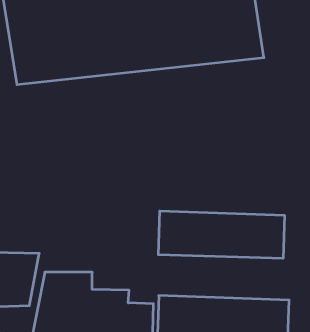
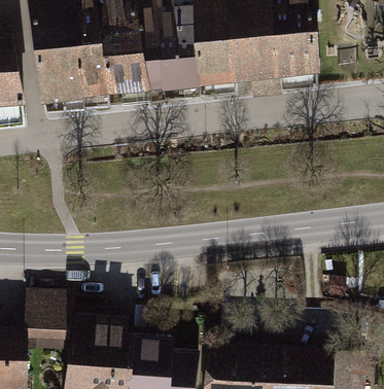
building: [158,211,284,258] -> none

